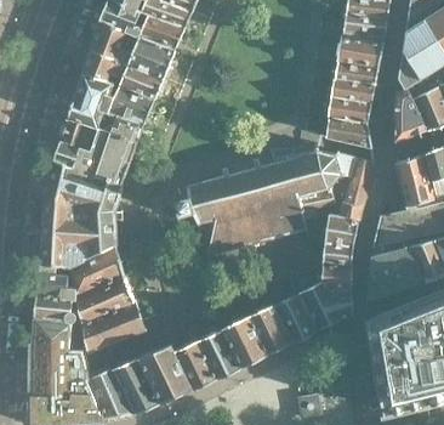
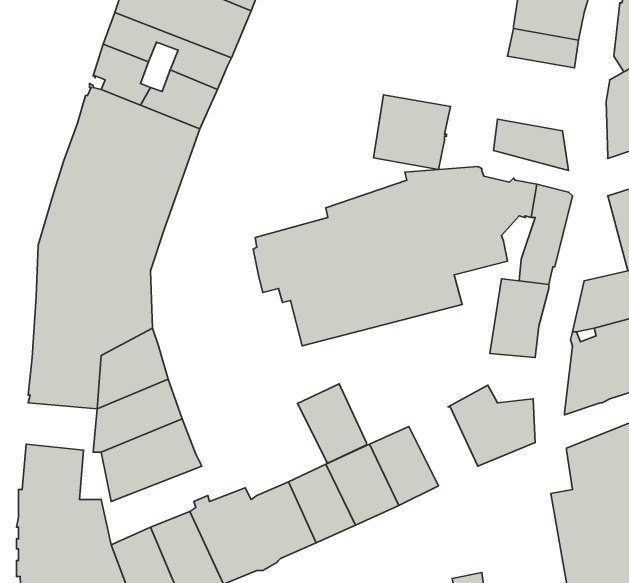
building: [328,76,375,123] -> [374,95,450,170]
building: [321,260,351,290] -> none
building: [35,290,81,321] -> none
building: [273,293,315,341] -> [298,384,367,463]

